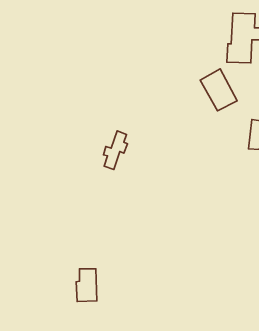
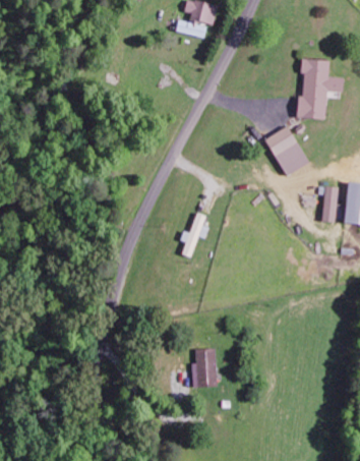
building: [103,131,127,170] -> [180,213,208,258]
building: [76,269,97,302] -> [191,349,216,388]

